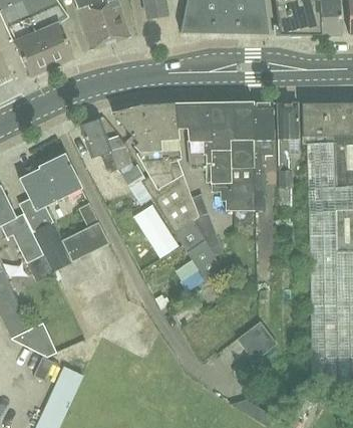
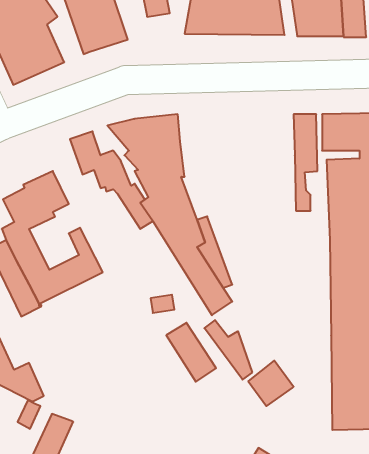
building: [174,101,273,210] -> none
building: [133,202,178,254] -> [166,323,216,382]
building: none -> [204,320,252,380]

